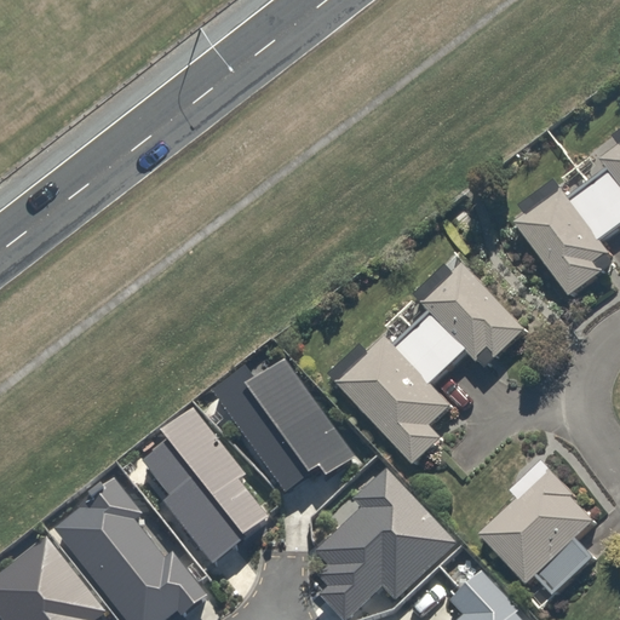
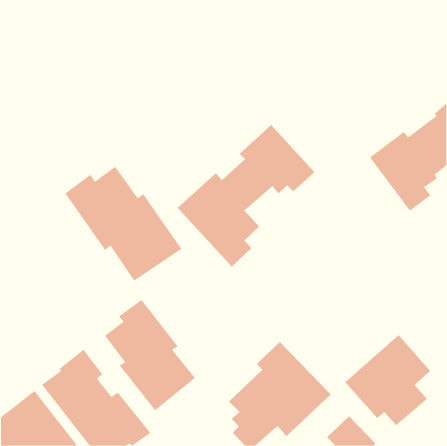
building: none -> [65,166,182,282]
building: [332,263,523,461] -> [177,124,315,267]
building: [214,363,357,493] -> none

